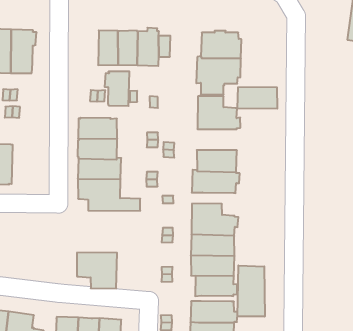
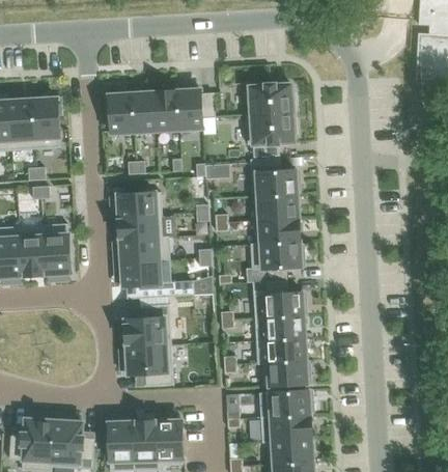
building: [105,71,129,106] -> [105,92,134,133]
building: [237,87,277,109] -> [252,193,299,220]
building: none -> [41,223,71,274]
building: none -> [123,304,171,346]
building: [238,265,265,317] -> none

